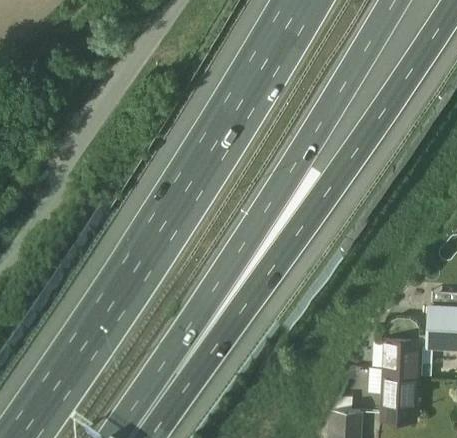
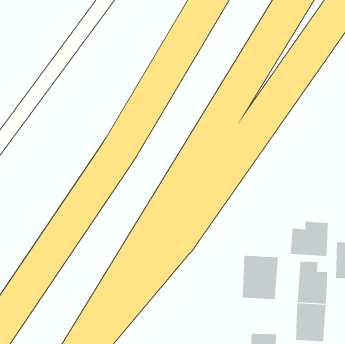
building: none -> [290,221,329,257]
building: none -> [242,255,278,300]

